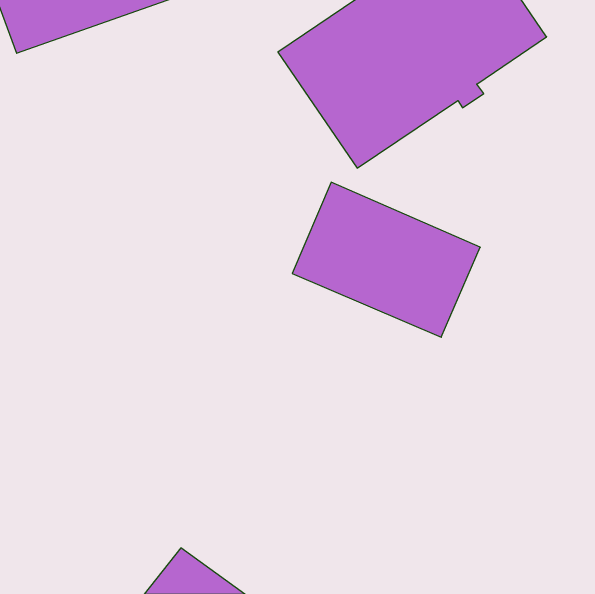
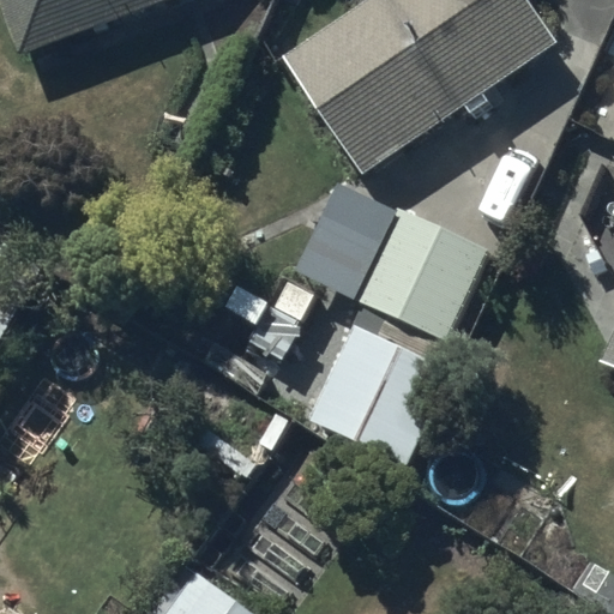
building: none -> [307,327,450,469]

